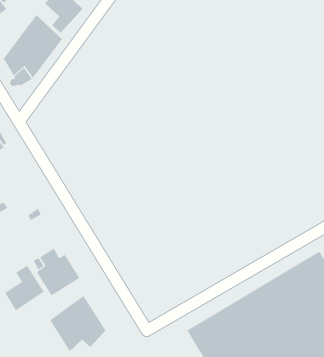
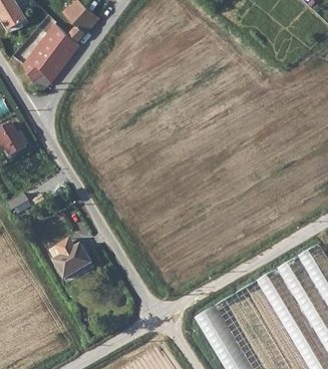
building: [4,265,44,311] -> none
building: [50,295,106,352] -> none

